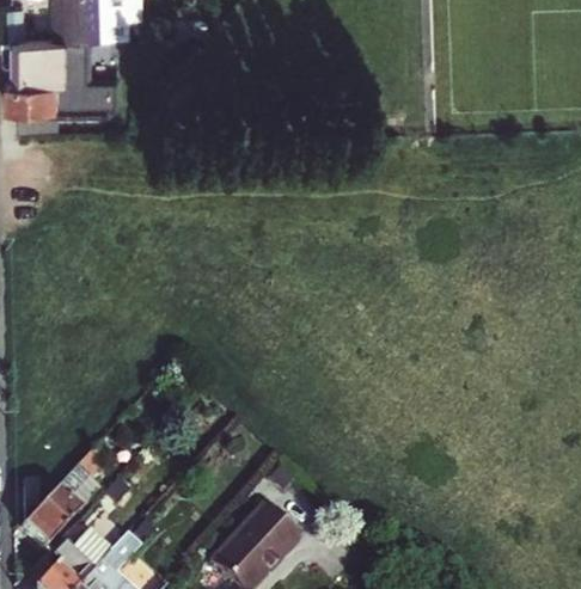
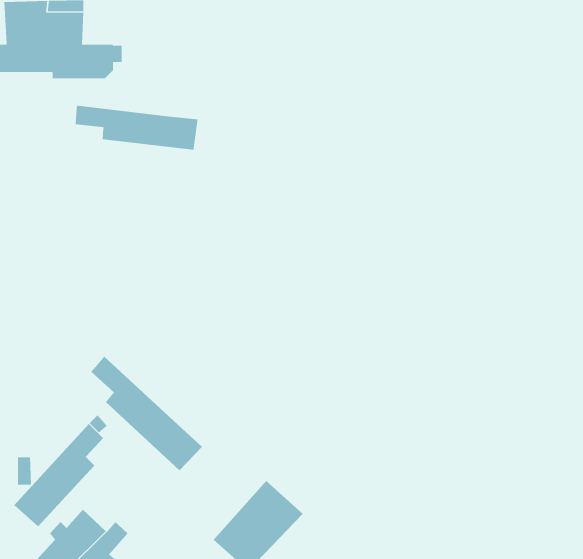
building: none -> [75,105,198,151]
building: none -> [91,356,203,471]

